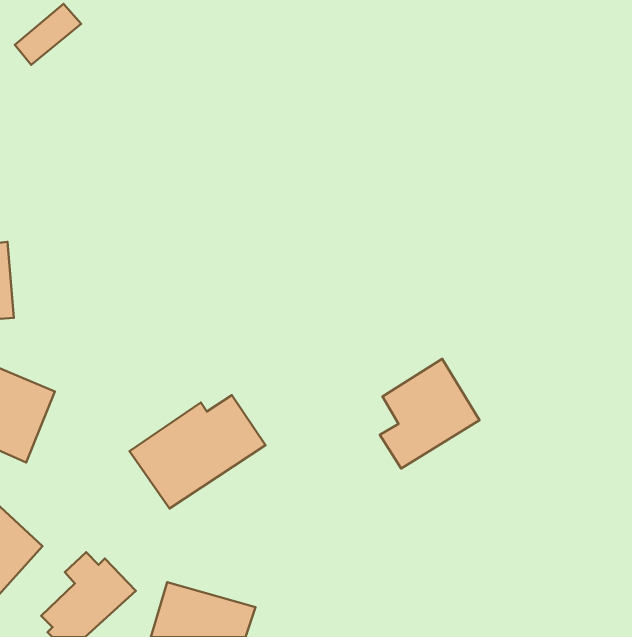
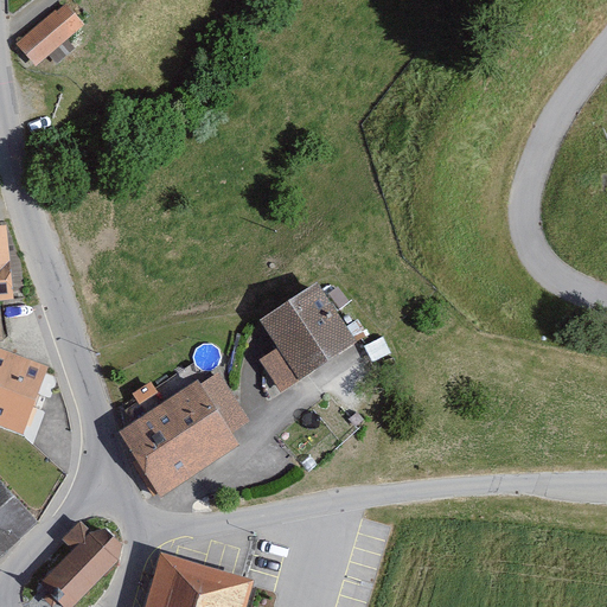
building: [380,359,480,469] -> [255,281,350,385]

